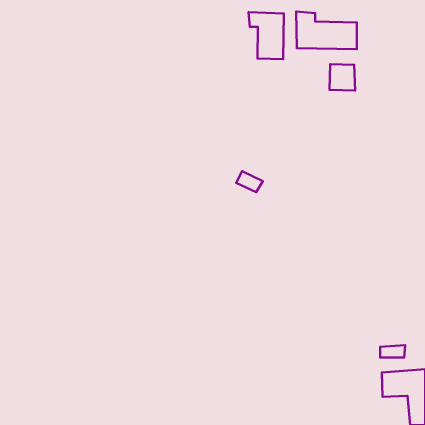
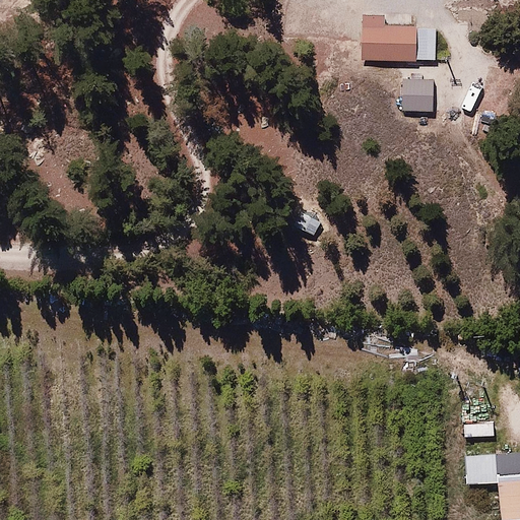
building: [249,12,284,59] -> none

